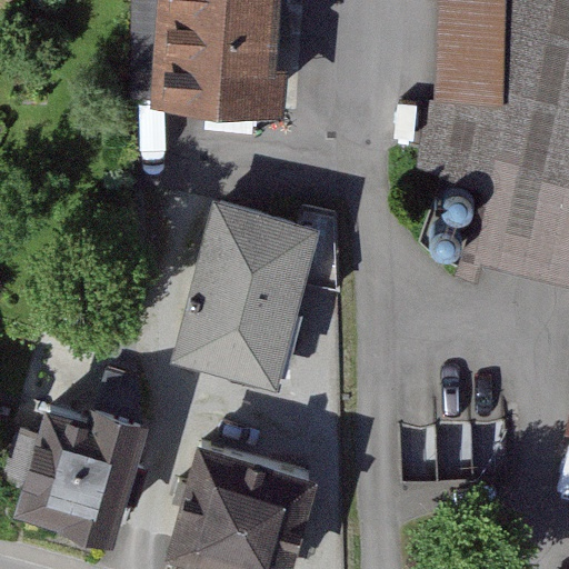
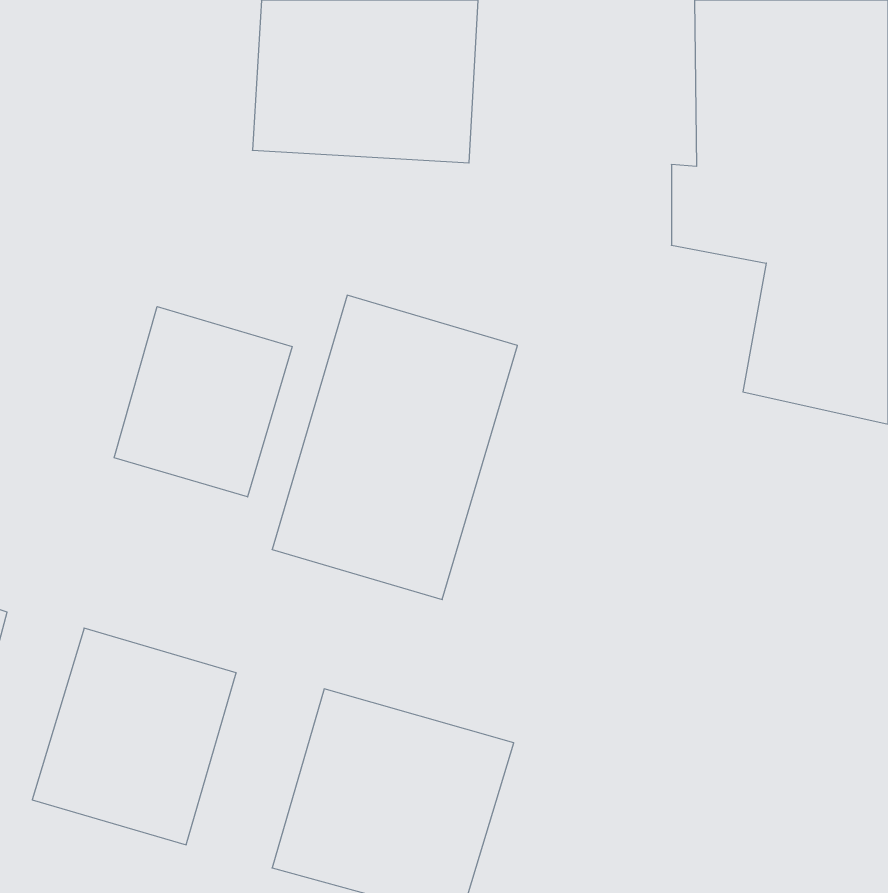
building: none -> [114,307,292,497]

